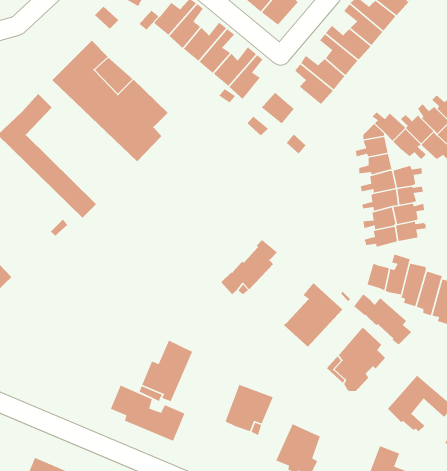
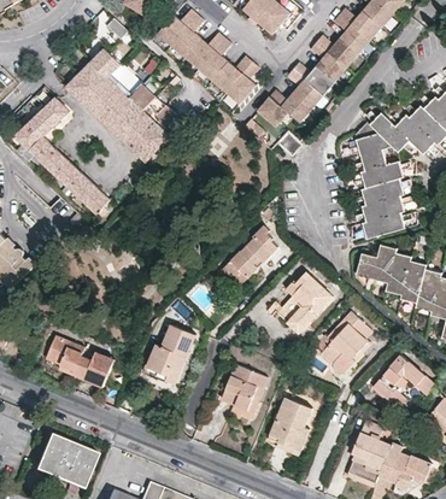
building: none -> [271,88,313,121]
building: [353,293,412,346] -> none
building: [110,385,185,442] -> [42,335,112,388]

